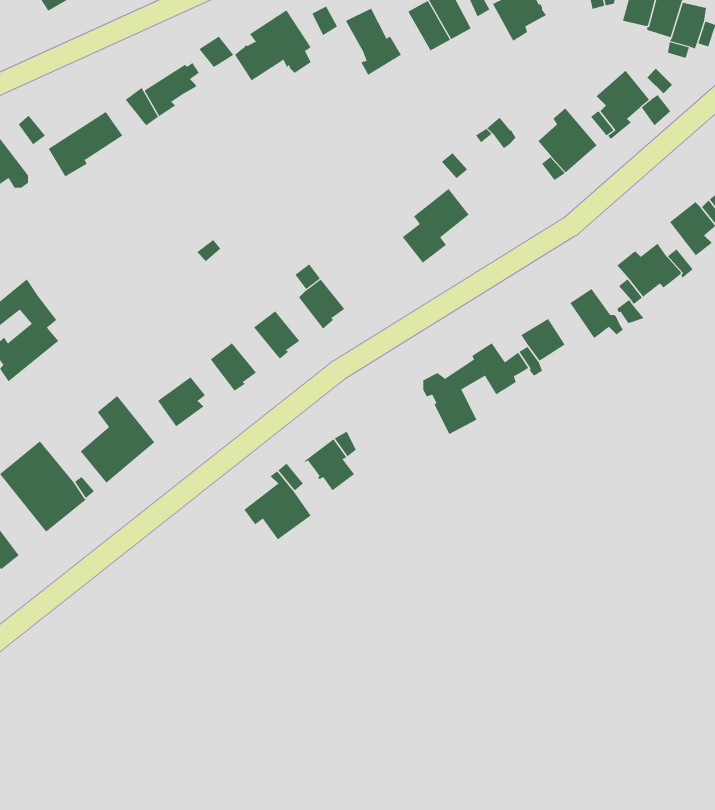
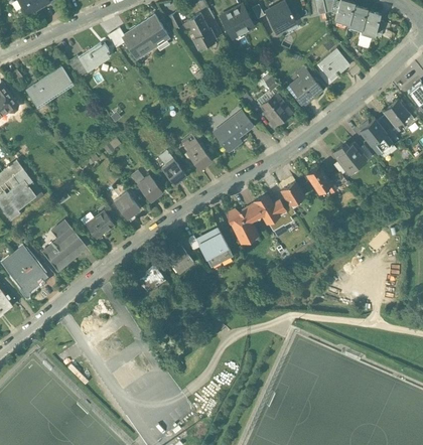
building: none -> [258,93,290,127]
building: none -> [183,135,212,171]
building: none -> [196,230,231,264]

